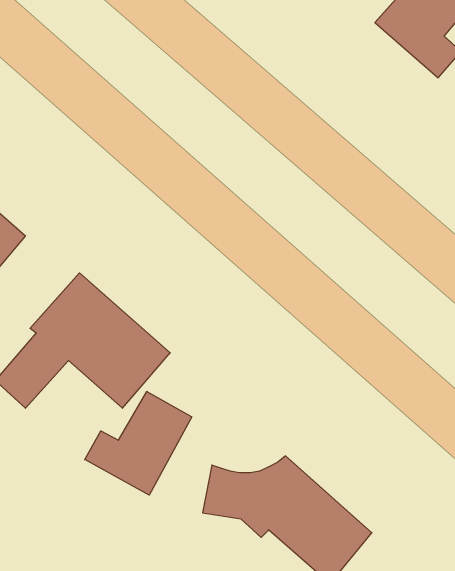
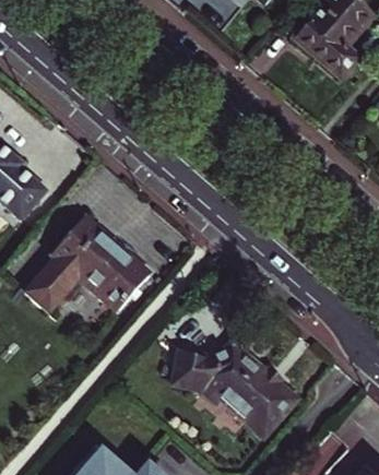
building: [85,391,192,495] -> none

